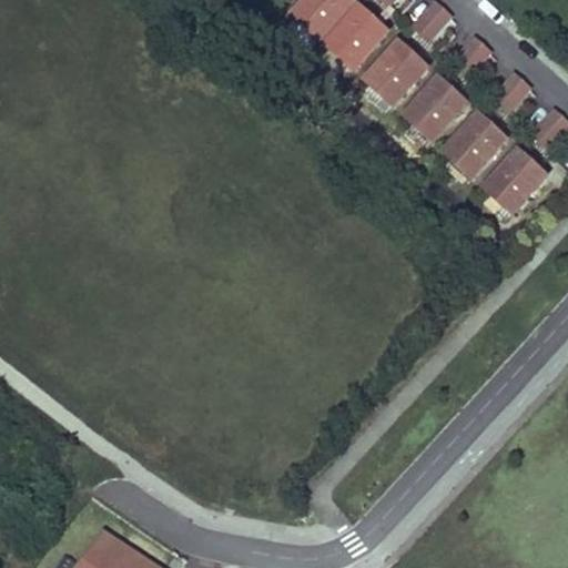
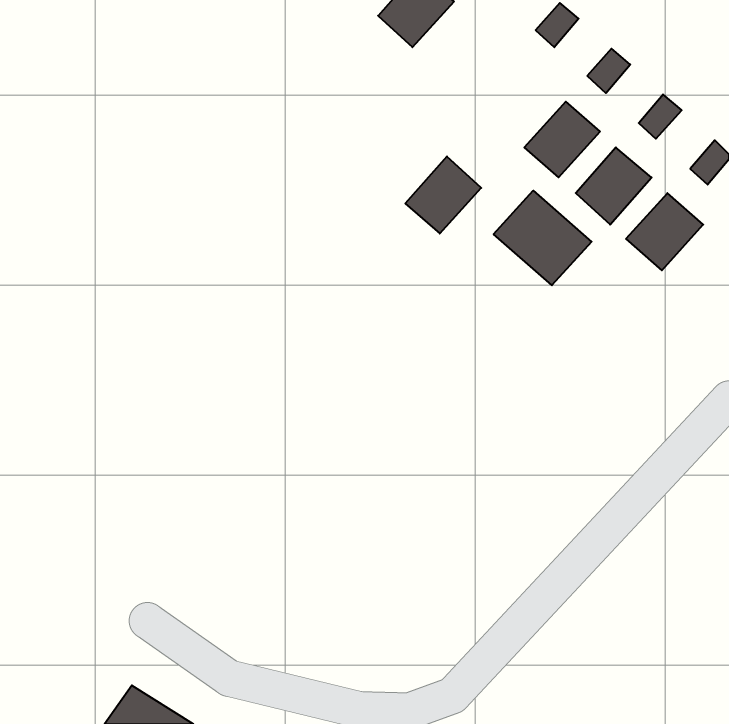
building: [326,7,385,67] -> none
building: [366,42,425,102] -> [405,156,481,234]
building: none -> [494,191,592,285]

